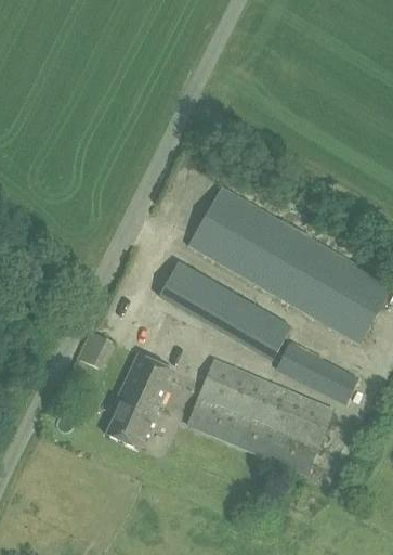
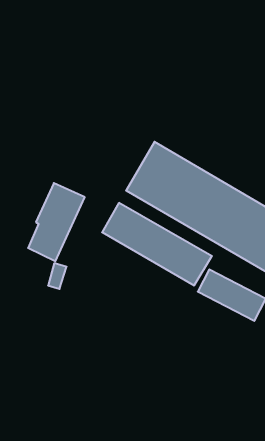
building: [106,353,175,449] -> [28,183,85,261]
building: [186,358,333,475] -> none

